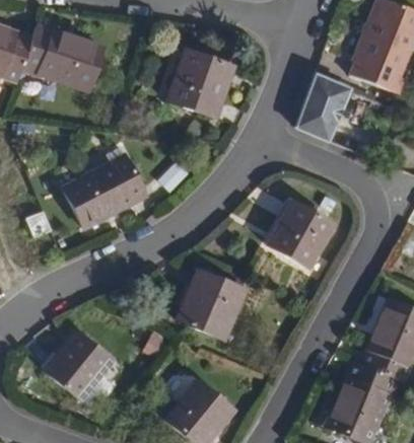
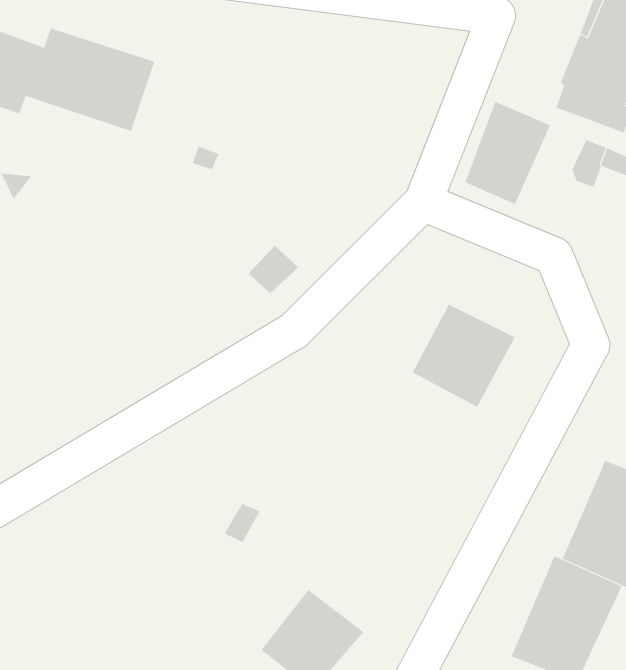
building: [165,51,228,116] -> none
building: [63,153,145,226] -> none
building: [179,271,244,340] -> none
building: [48,334,113,405] -> none

